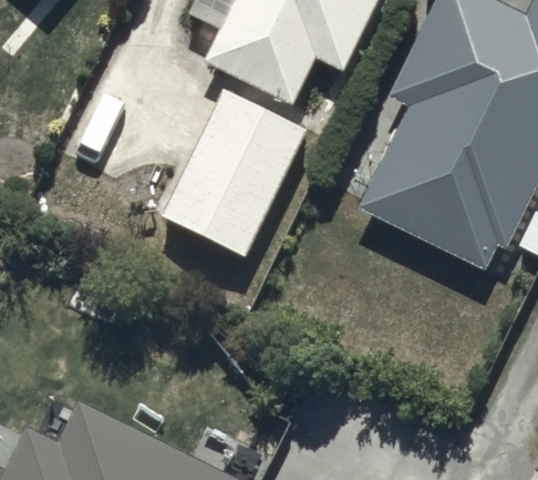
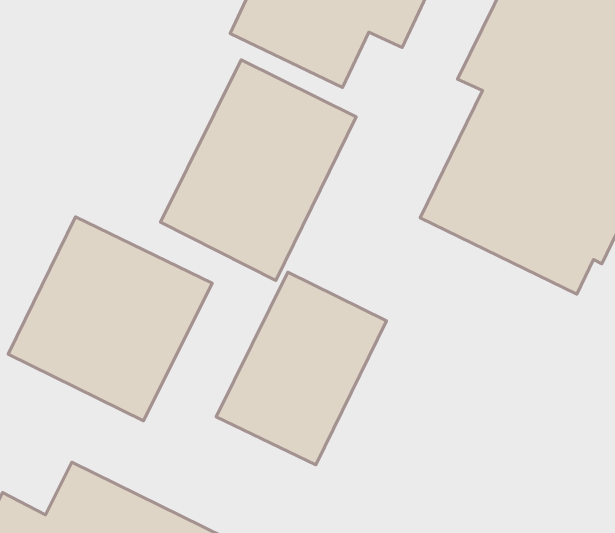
building: none -> [8,217,212,421]
building: none -> [216,272,387,465]

